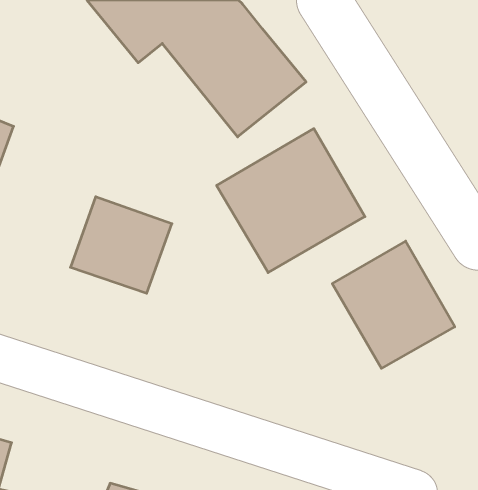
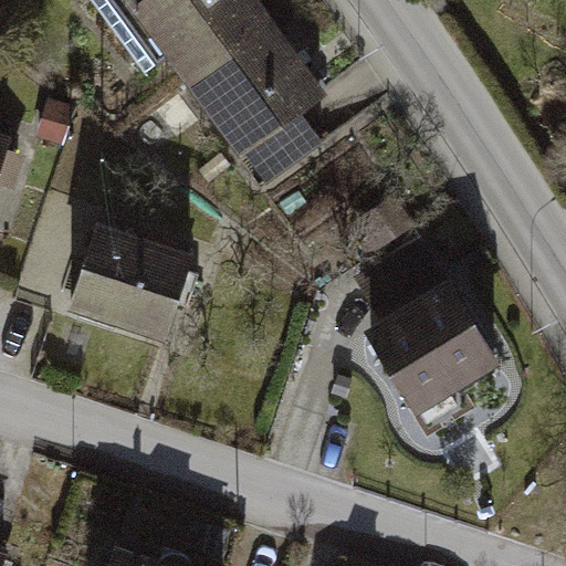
building: [217,129,365,273] -> none

